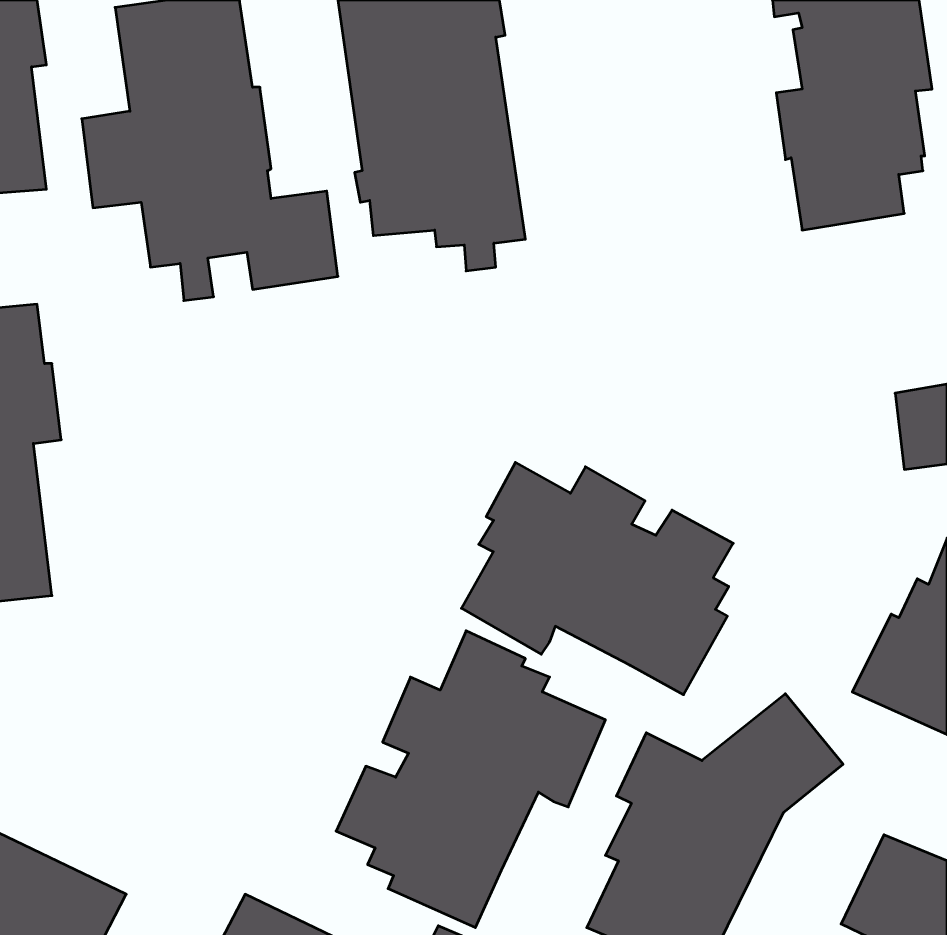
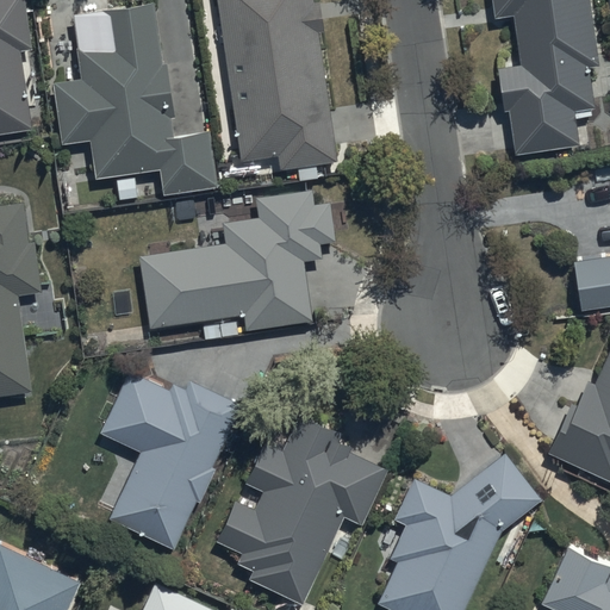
building: none -> [139,189,336,329]
building: [461,462,733,695] -> none
building: none -> [102,372,242,549]

